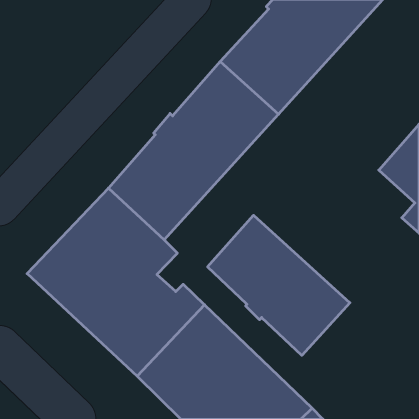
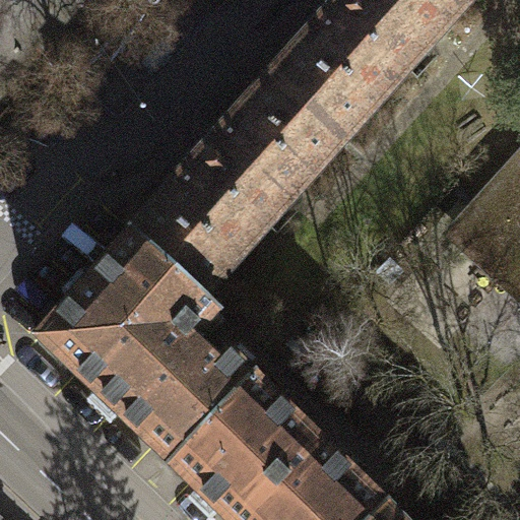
building: [208,215,350,355] -> none

